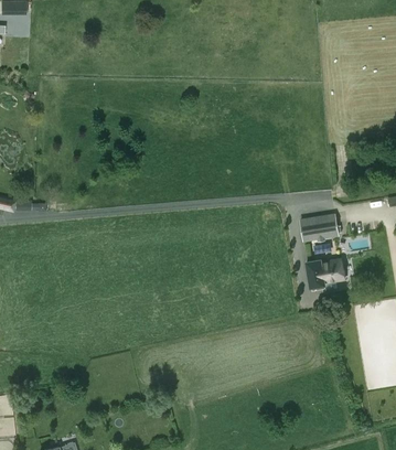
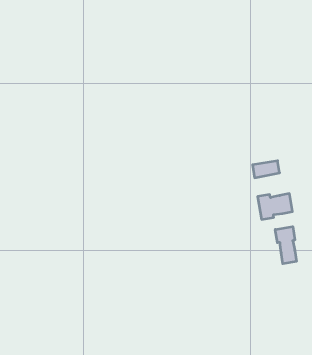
building: none -> [275,227,296,264]

